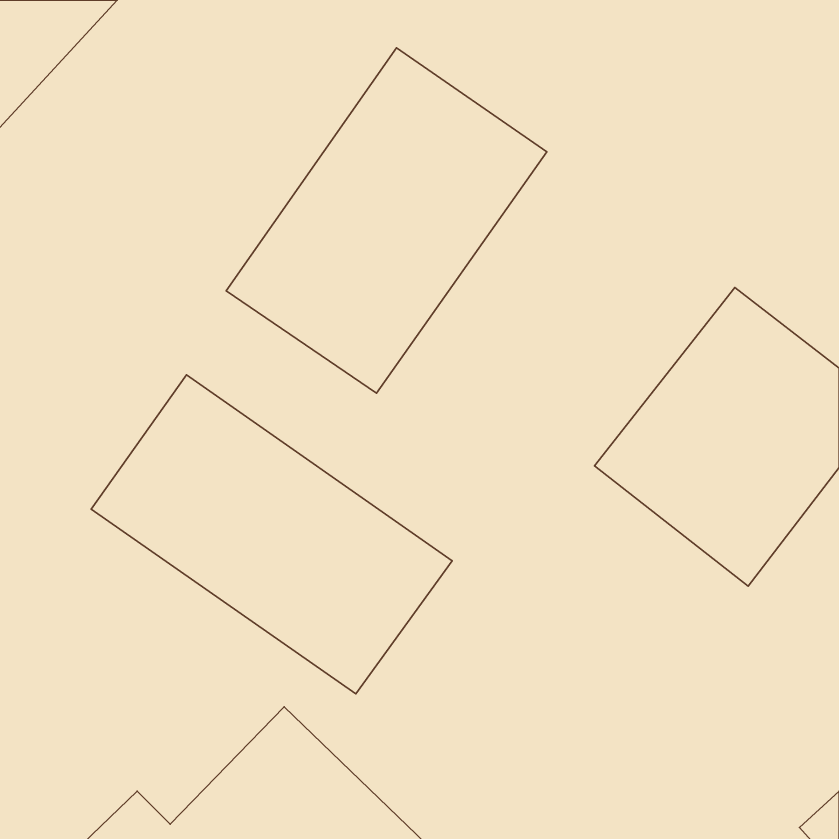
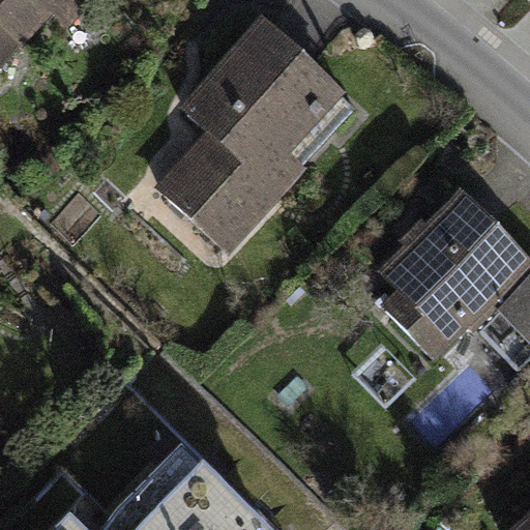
building: [91,375,452,694] -> none

